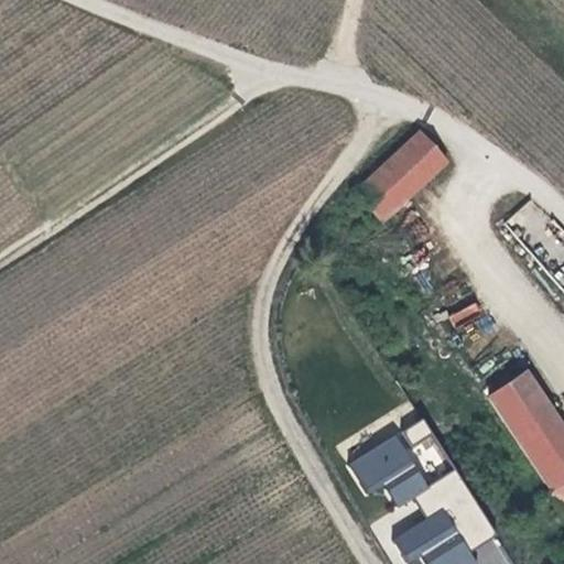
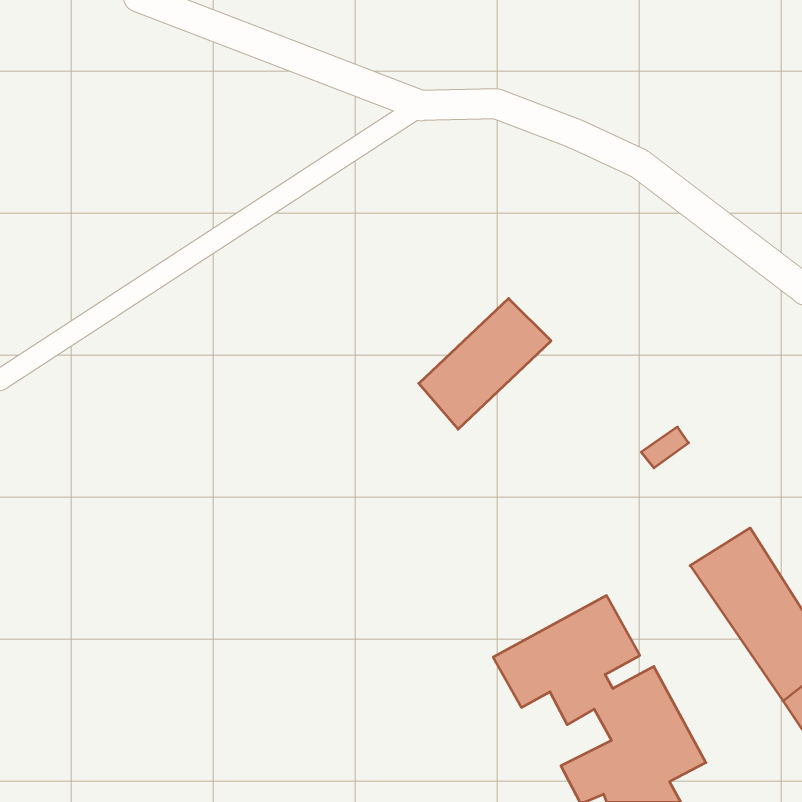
building: [356,132,448,224] -> [419,298,551,429]

